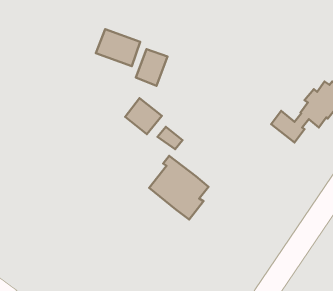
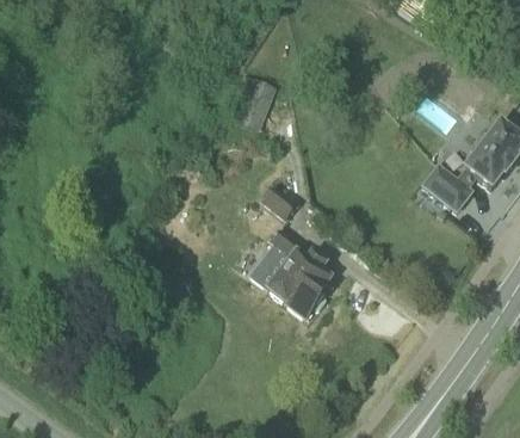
building: [96,29,140,66] -> none
building: [125,98,162,134] -> none

